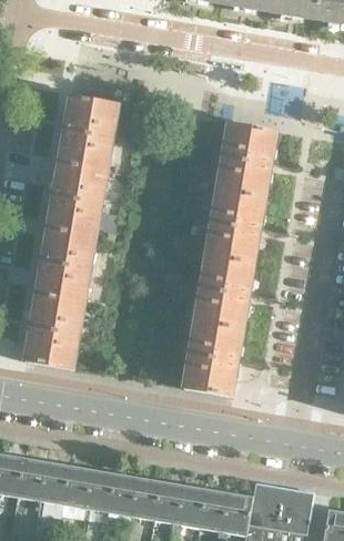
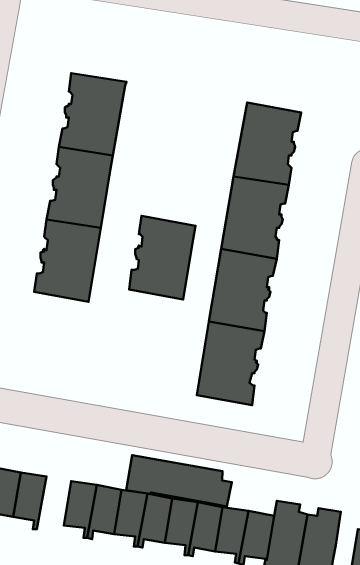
building: [23,294,83,369] -> [129,216,196,299]
building: none -> [126,455,232,506]
building: [37,460,68,509] -> none

